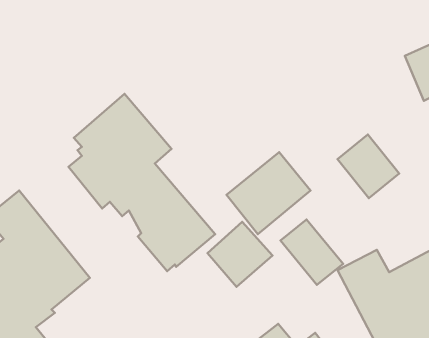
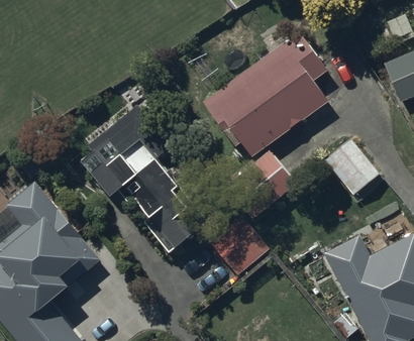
building: none -> [203,28,329,158]
building: [281,220,343,285] -> none

